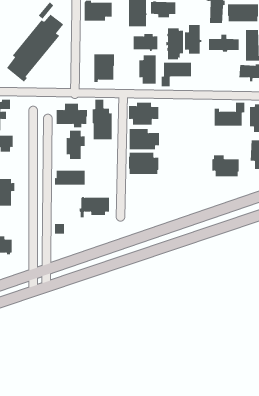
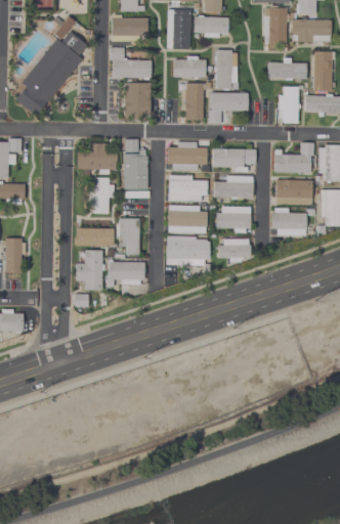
building: [184,25,202,54] -> [278,86,300,123]
building: none -> [110,47,151,78]
building: none -> [212,148,255,172]
building: none -> [214,176,252,199]
building: none -> [275,180,311,205]
building: none -> [216,206,250,232]
building: none -> [119,218,139,255]
building: none -> [166,235,209,265]
building: none -> [218,238,249,261]
building: none -> [76,250,102,290]

